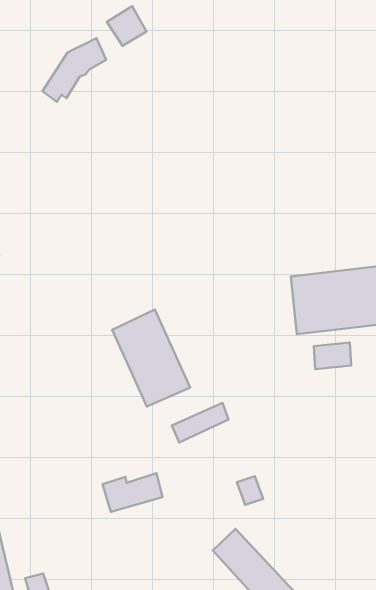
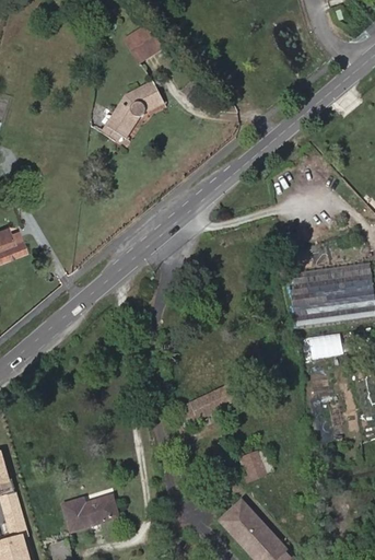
building: [42,38,106,102] -> [103,82,161,140]
building: [112,310,190,407] -> none
building: [102,473,163,512] -> [61,495,116,530]

